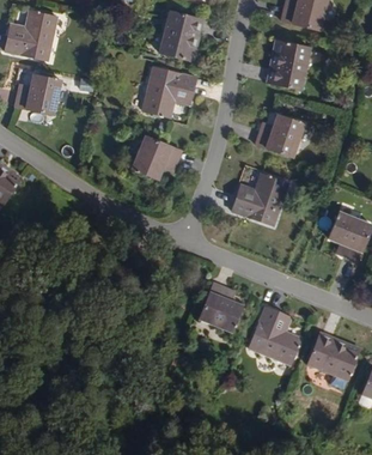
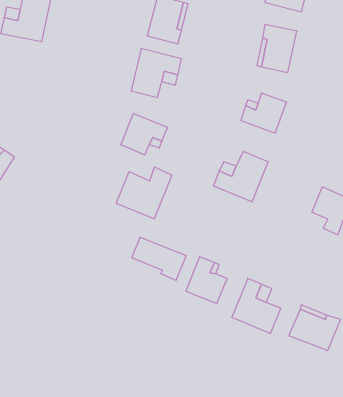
building: [14,74,61,114] -> none
building: none -> [116,167,172,219]
building: none -> [132,237,186,281]

